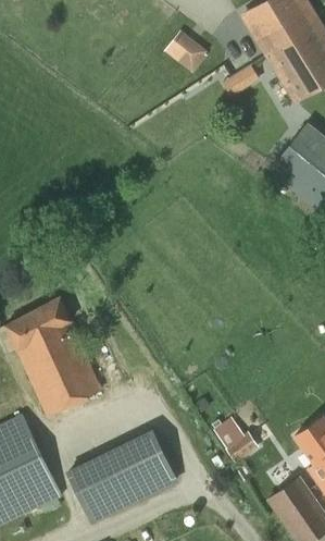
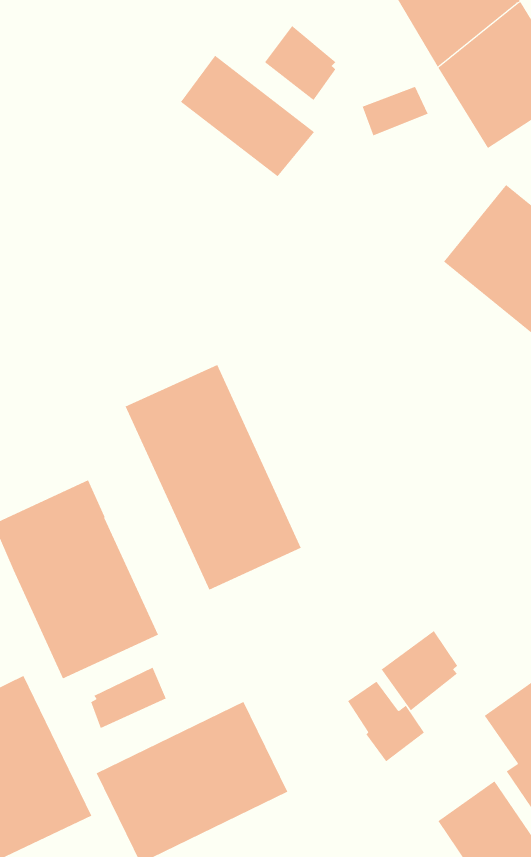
building: none -> [180,55,315,177]
building: none -> [125,364,302,590]
building: none -> [381,630,458,711]
building: none -> [90,667,167,729]

